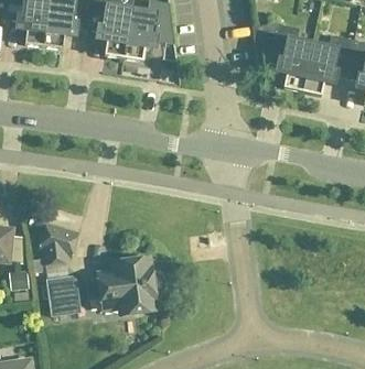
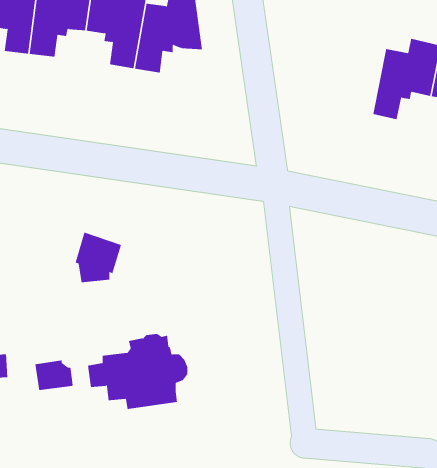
building: [251,22,312,91] -> none
building: [41,224,76,262] -> [75,232,122,283]

